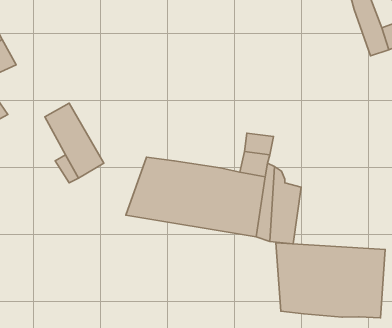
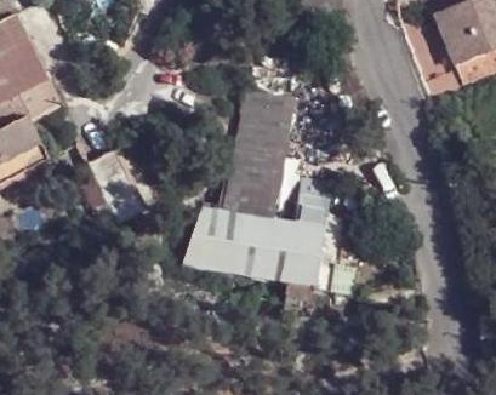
building: none -> [224,86,296,214]
building: [276,243,385,318] -> none

